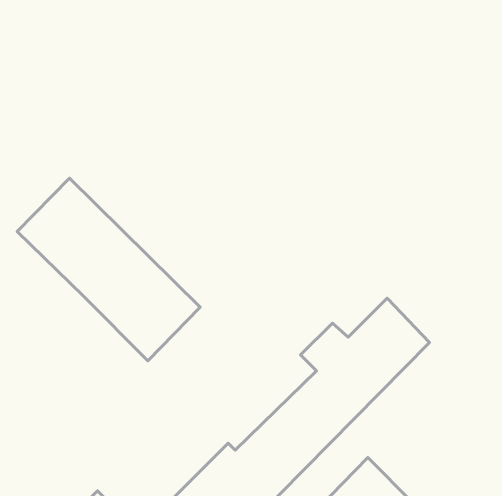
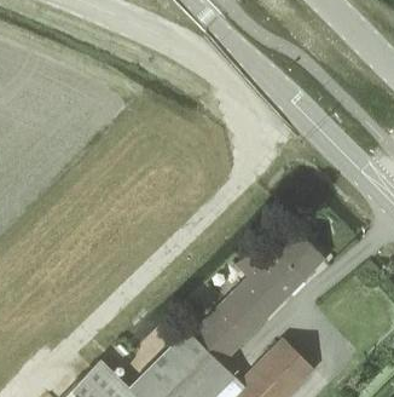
building: [17,178,200,361] -> none

